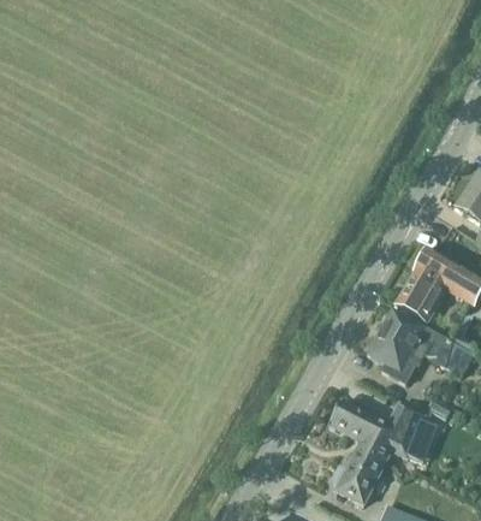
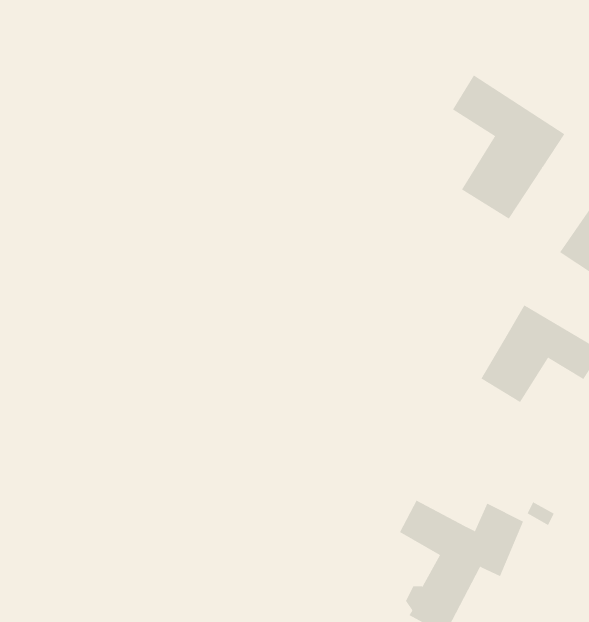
building: none -> [452,75,565,220]
building: [366,307,453,385] -> none

